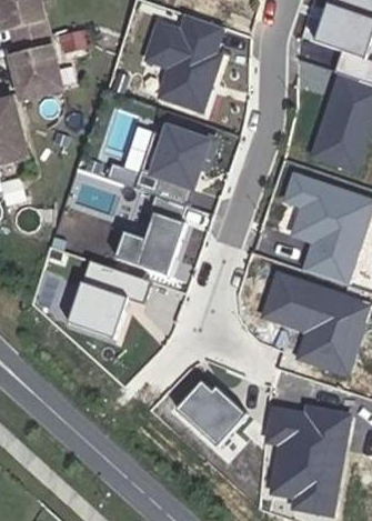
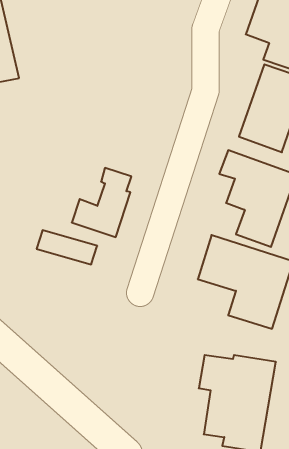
building: [149,13,225,108] -> none
building: [135,116,220,203] -> none
building: [68,285,125,337] -> none
building: [175,379,242,444] -> none

